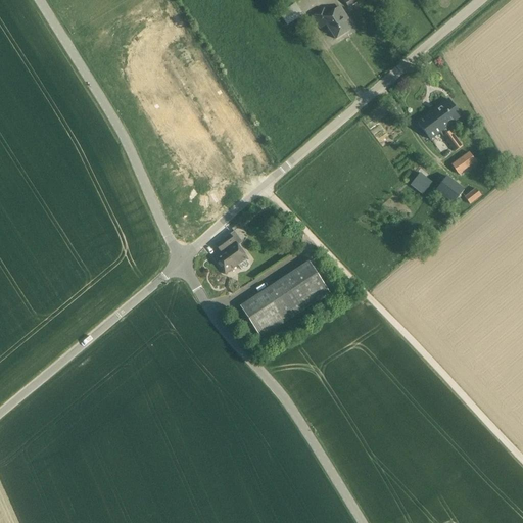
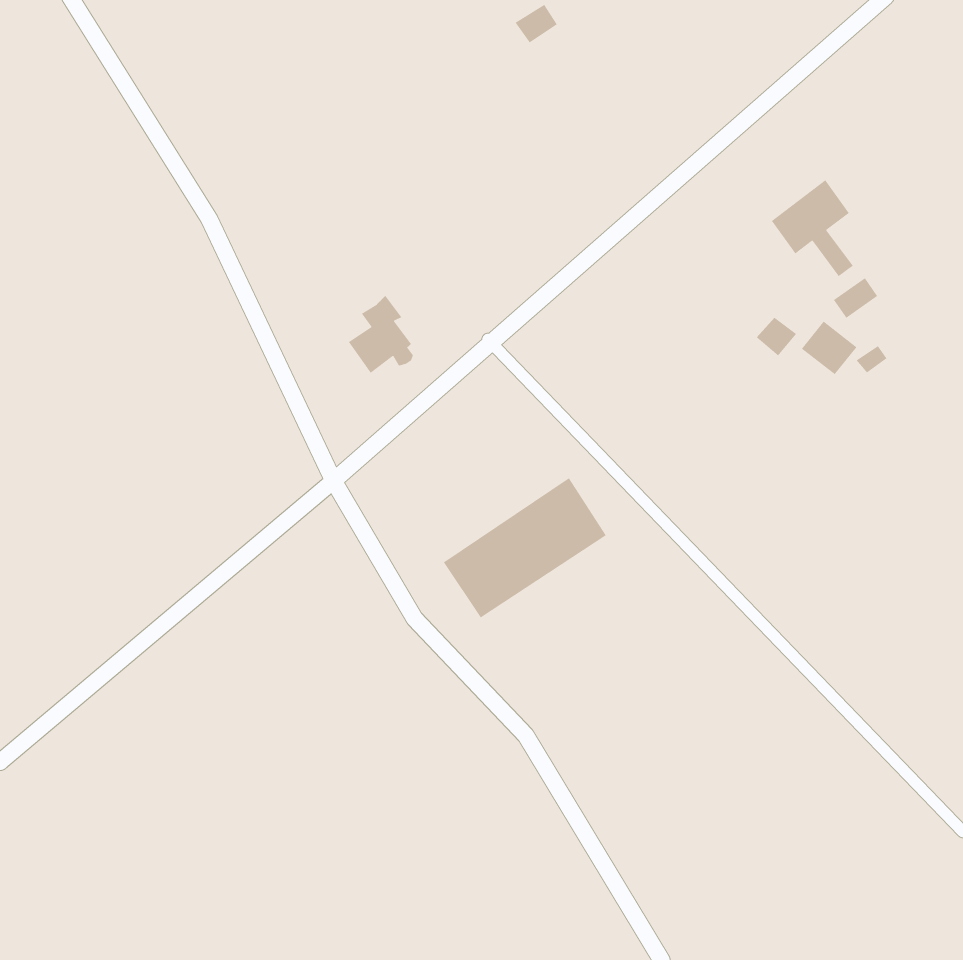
building: [313,5,349,38] -> none
building: [212,229,248,272] -> [348,295,414,374]

